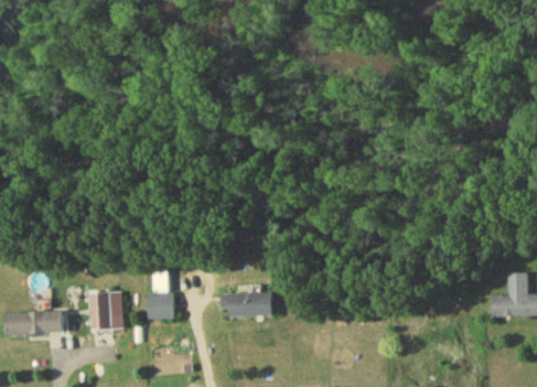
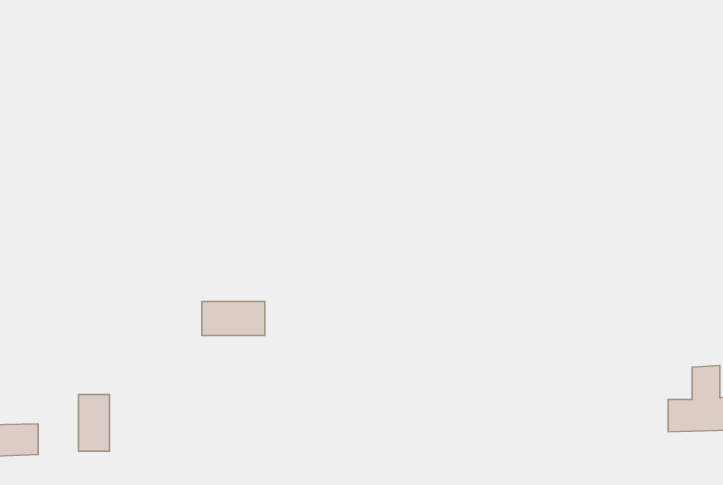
building: [148,292,174,319] -> none
building: [229,293,272,316] -> [202,301,265,335]

